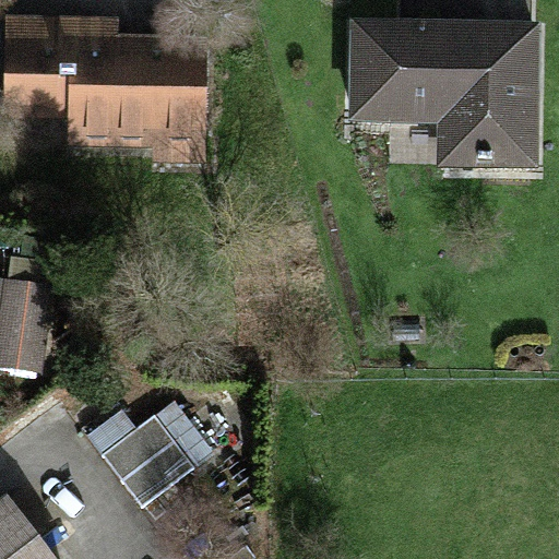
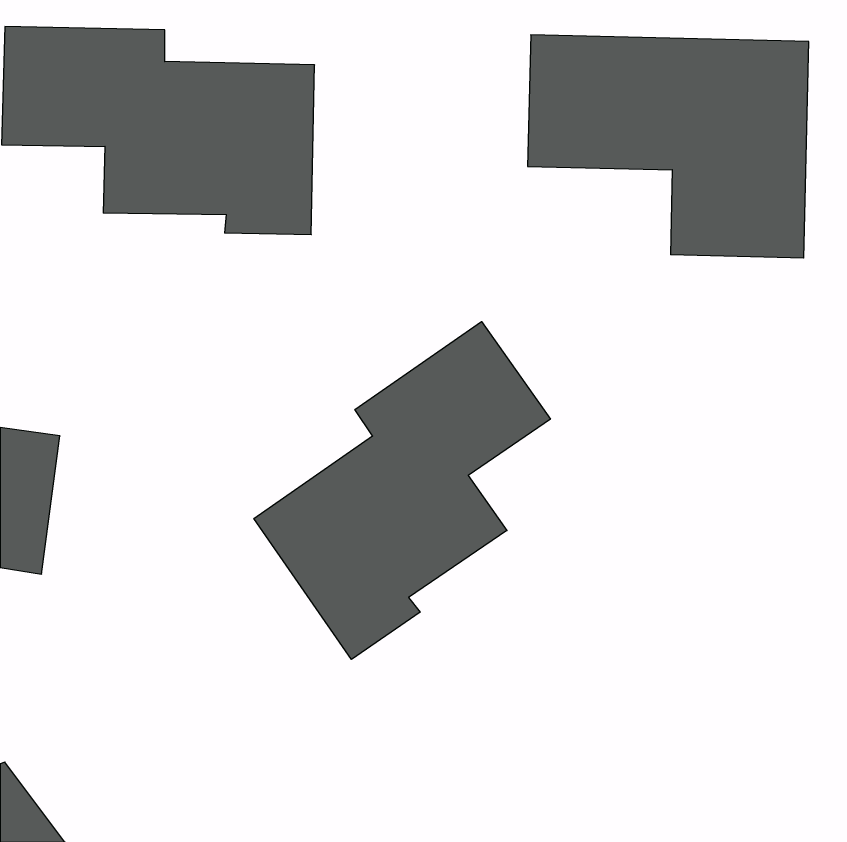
building: none -> [254,322,550,659]
building: [107,413,191,498] -> none

